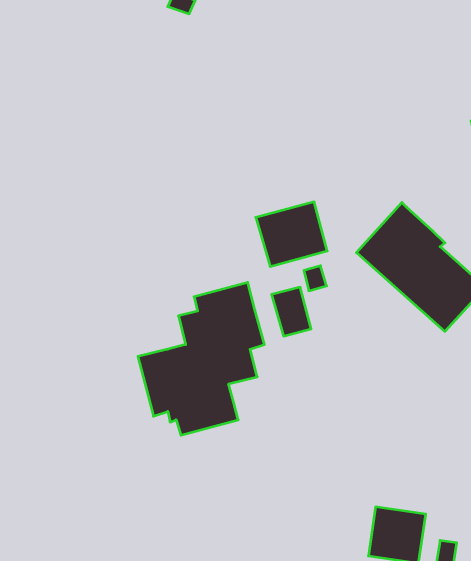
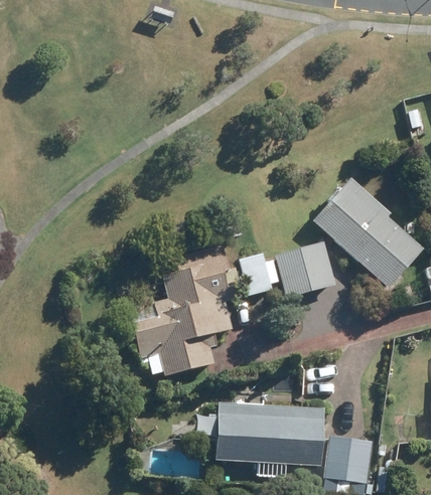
building: [256,202,327,266] -> [276,242,336,297]
building: none -> [217,403,323,466]

